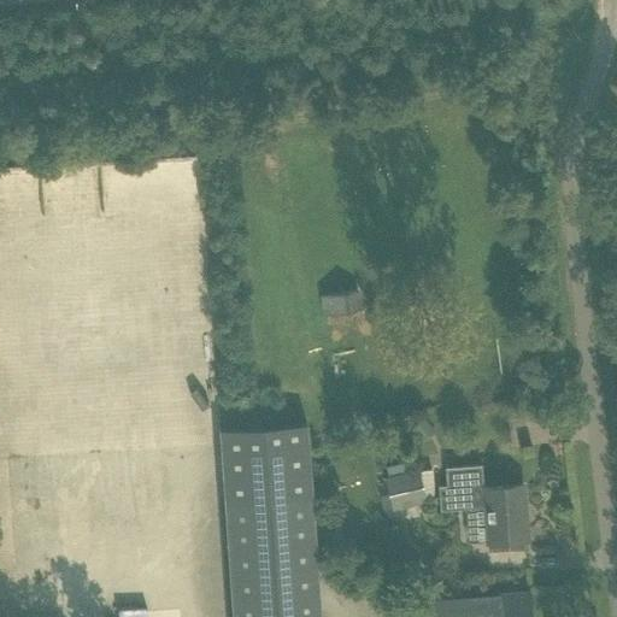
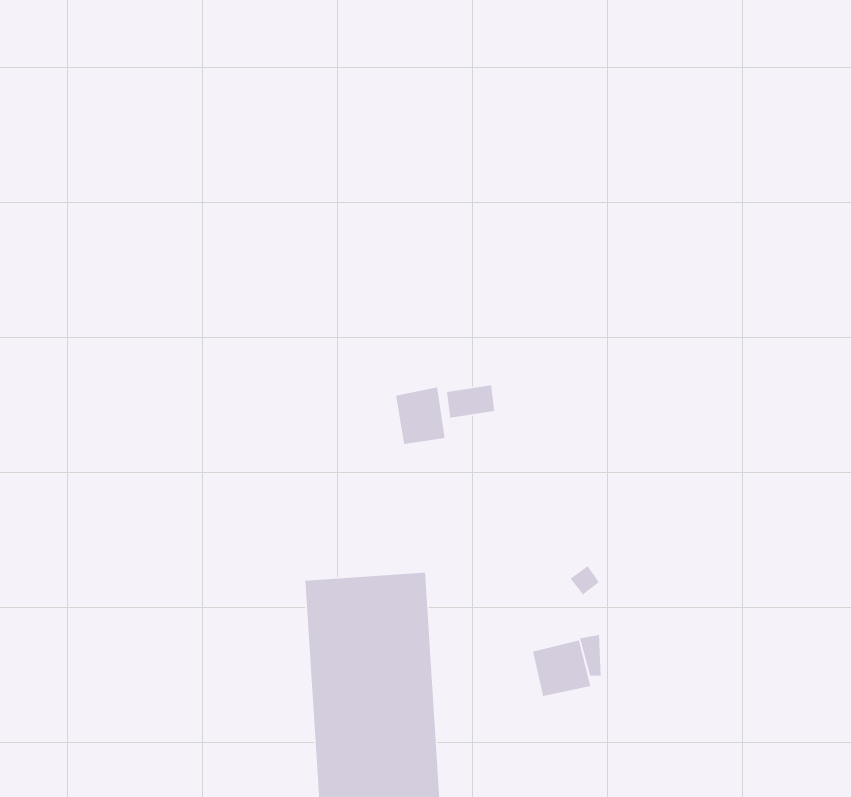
building: none -> [395,387,446,445]
building: [439,468,527,545] -> none

